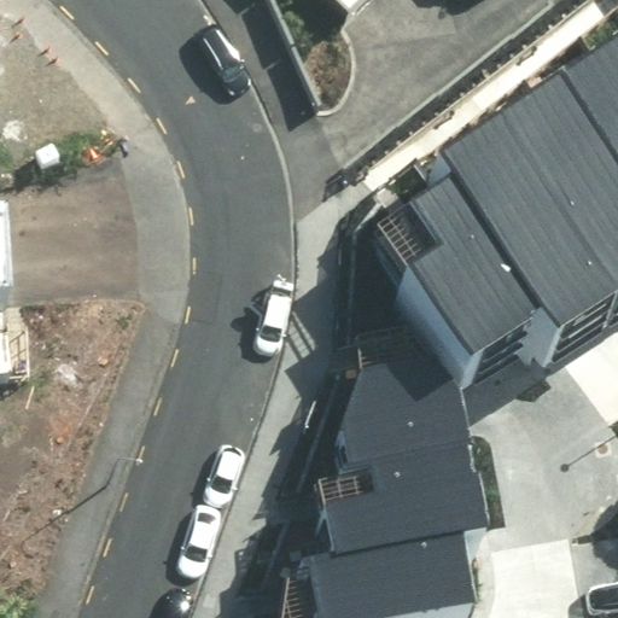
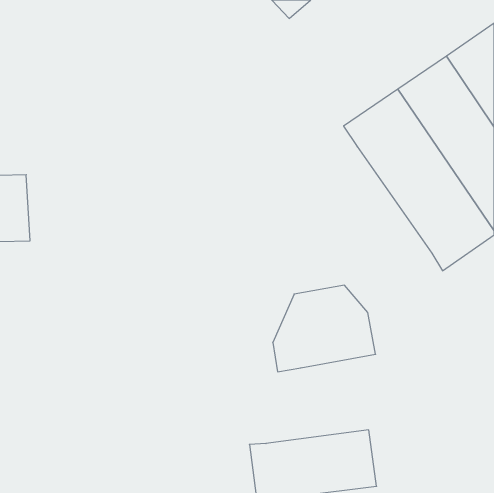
building: [408,186,537,363] -> none
building: [323,444,484,555] -> none

